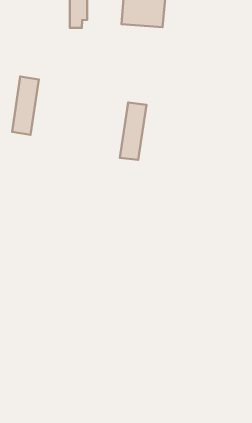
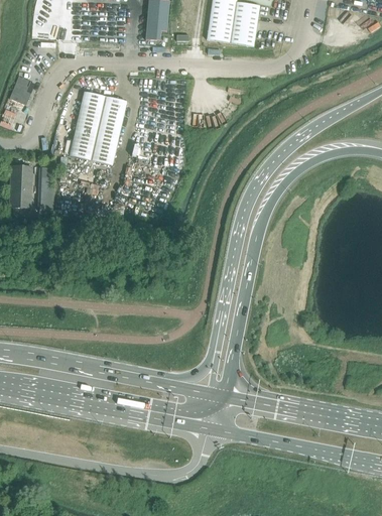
building: [120,103,146,160] -> [92,96,127,163]

